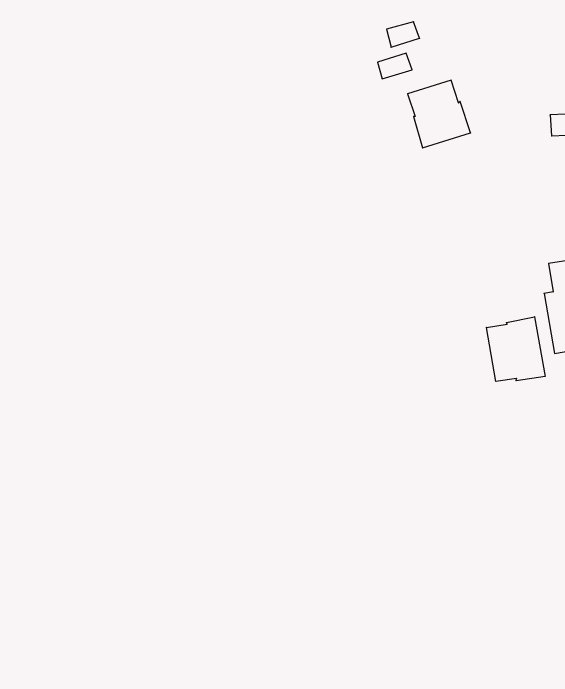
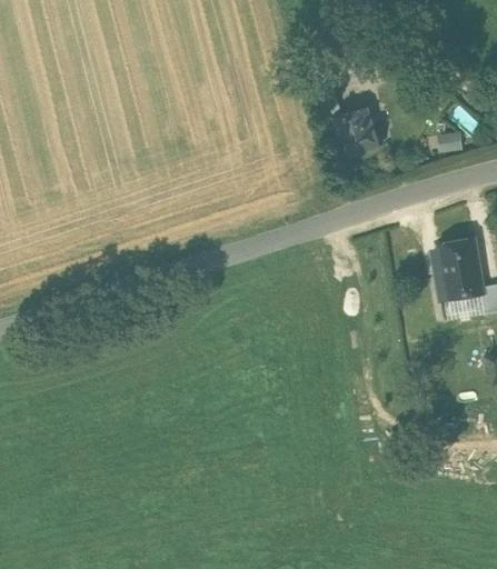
building: [486,317,545,381] -> none

